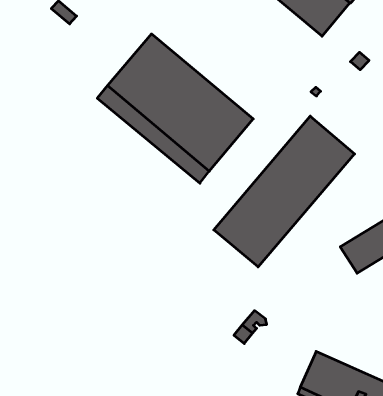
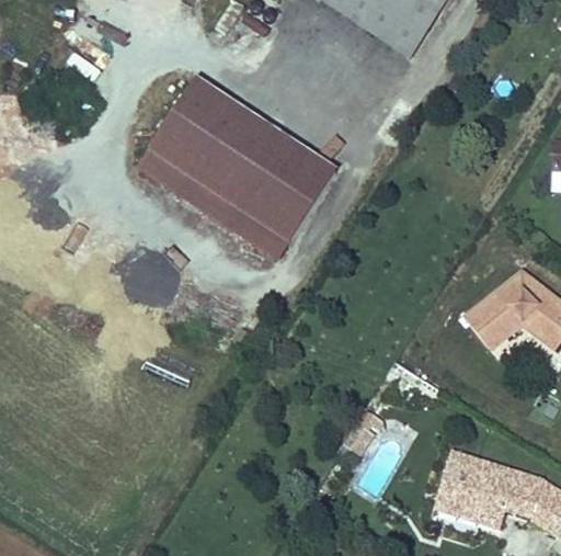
building: [214,116,355,267] -> none

